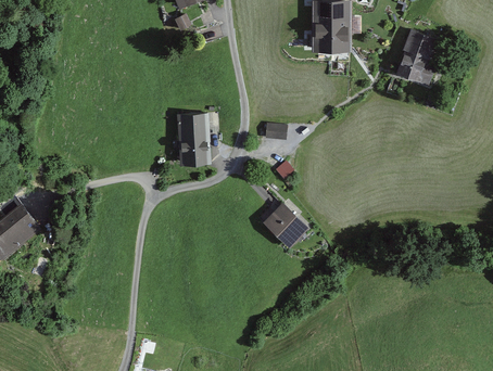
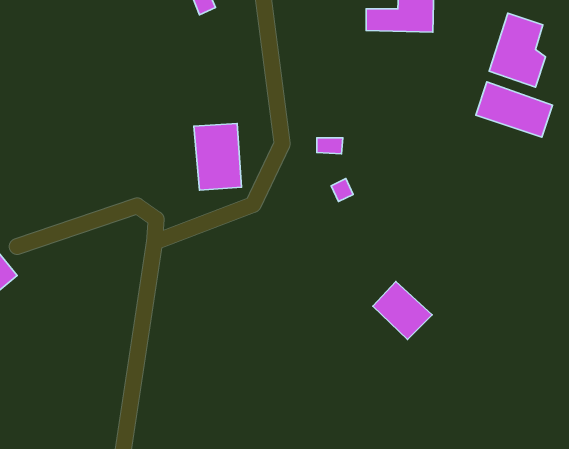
building: none -> [476,82,553,137]
building: [266,202,311,245] -> [373,281,432,339]

